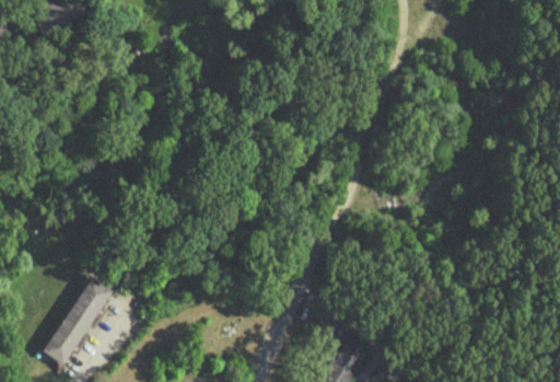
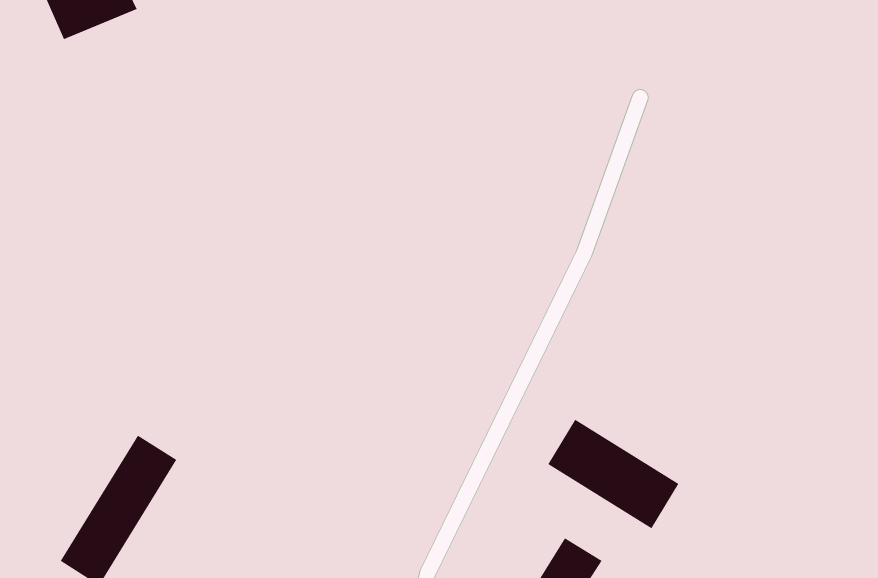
building: none -> [548,419,679,529]

